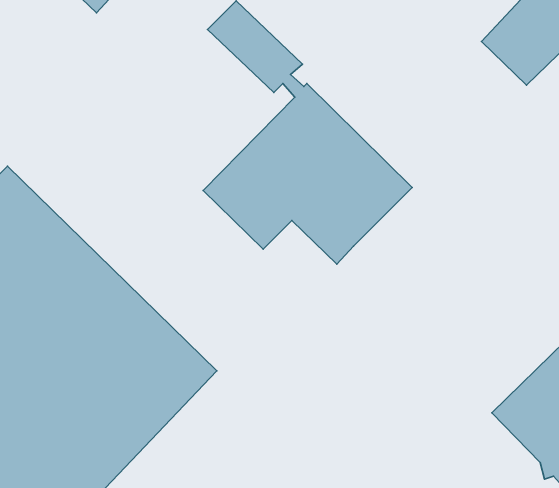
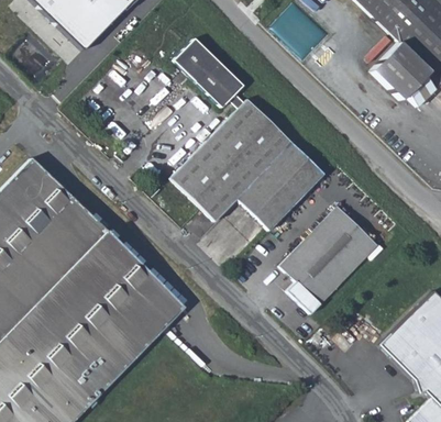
building: none -> [282,208,378,314]

